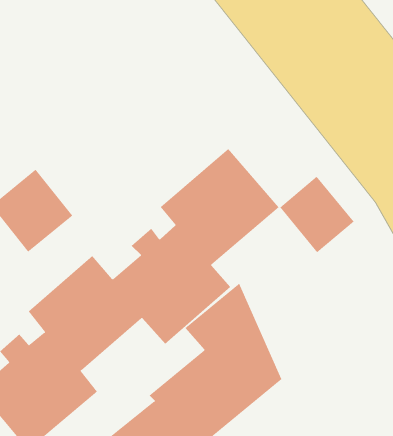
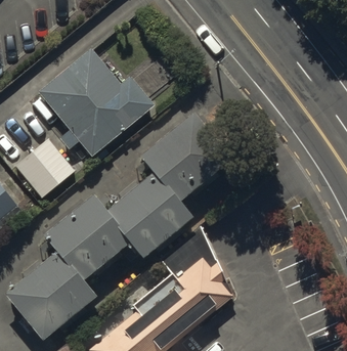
building: none -> [37,50,153,159]
building: [279,176,354,253] -> none

